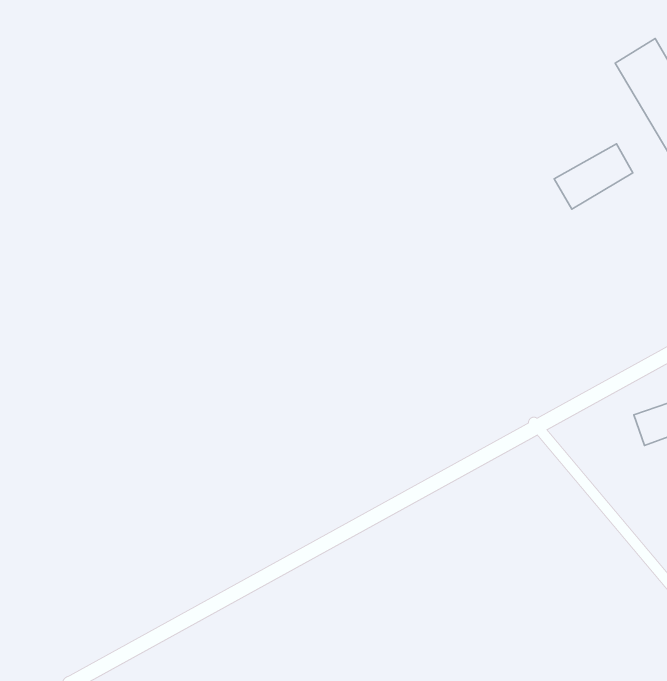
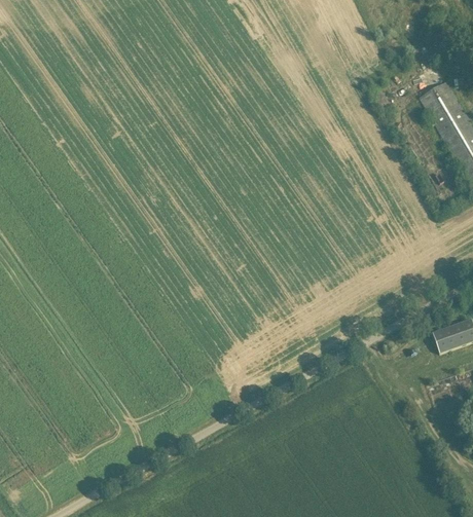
building: [554,144,633,209] -> none

